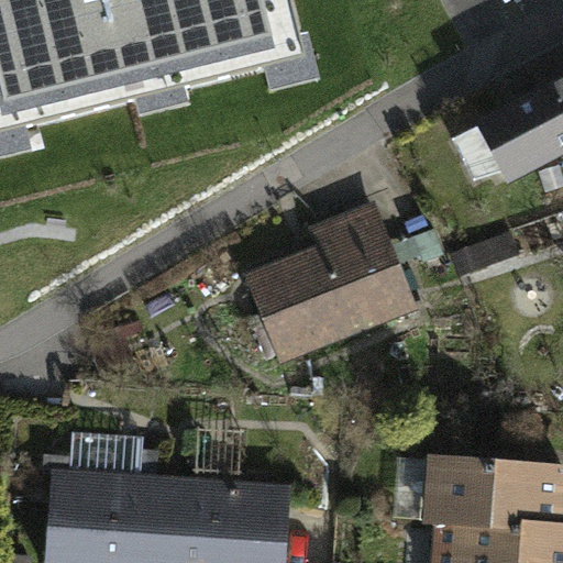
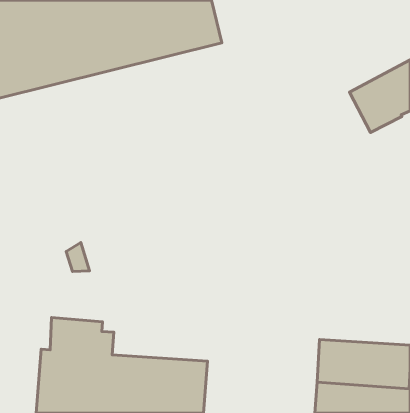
building: [249,208,409,349] -> none

